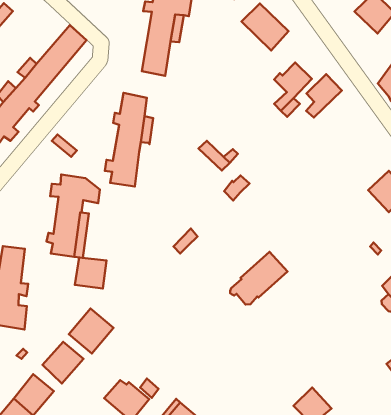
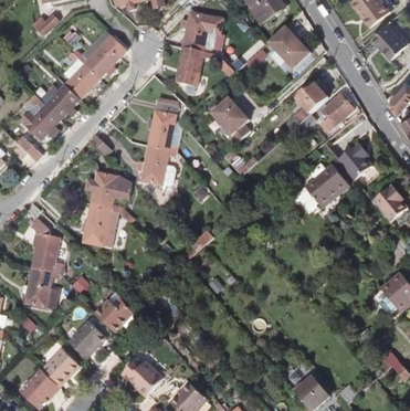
building: none -> [211,97,250,144]
building: none -> [338,143,374,181]
building: [230,252,288,304] -> [295,166,348,212]
building: [75,257,107,289] -> none

